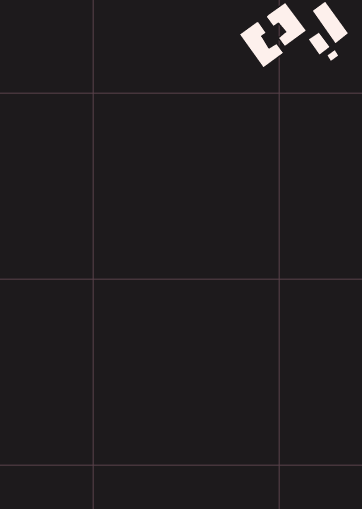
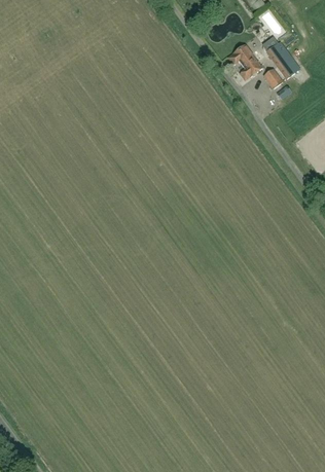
building: [239,21,284,68] -> none

